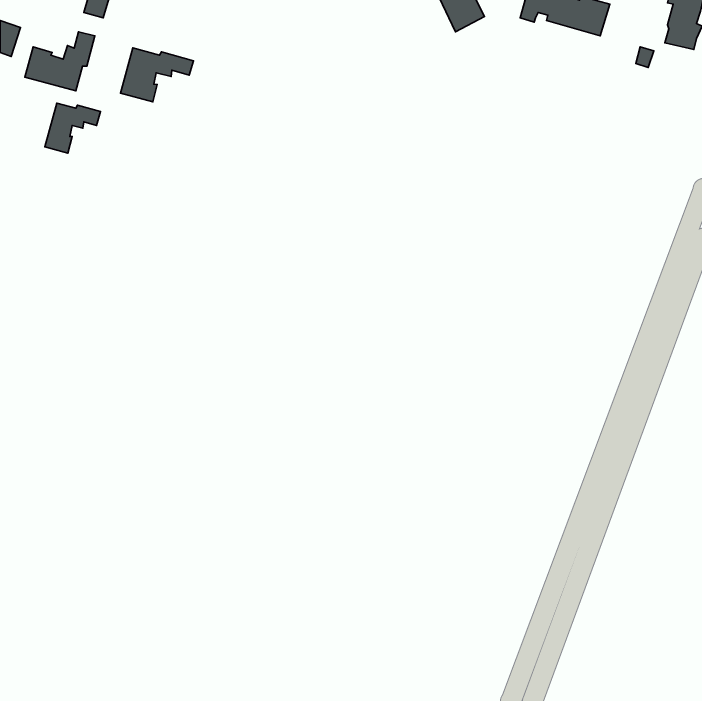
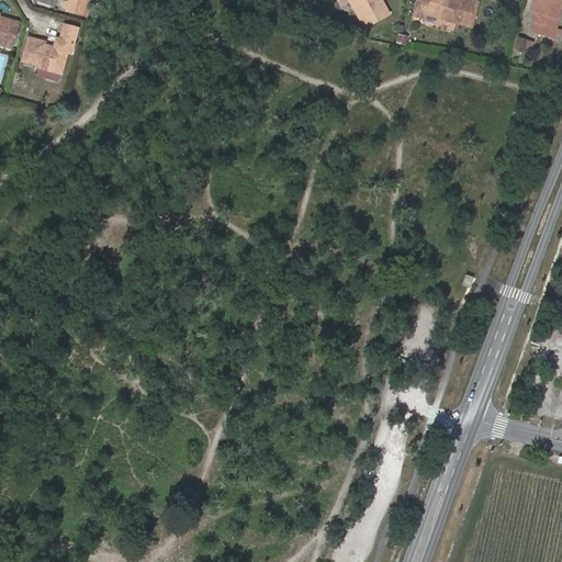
building: [121,48,194,102] -> none
building: [45,103,101,153] -> none

